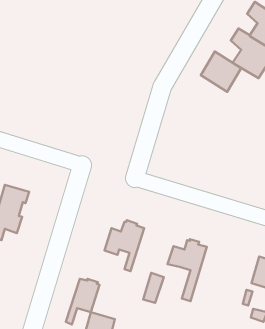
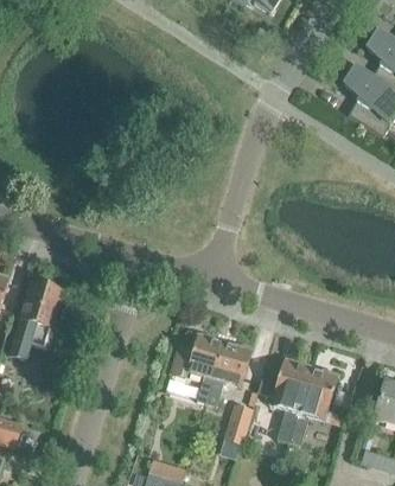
building: [201,52,241,92] -> none
building: none -> [289,369,339,447]
building: [66,279,99,324] -> [206,343,253,405]

